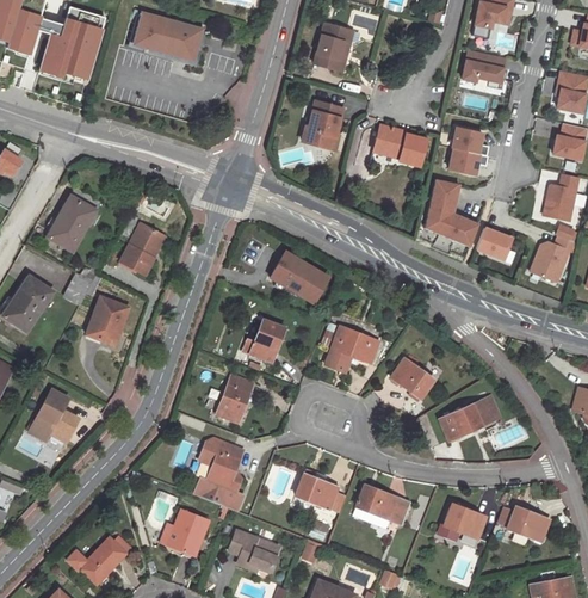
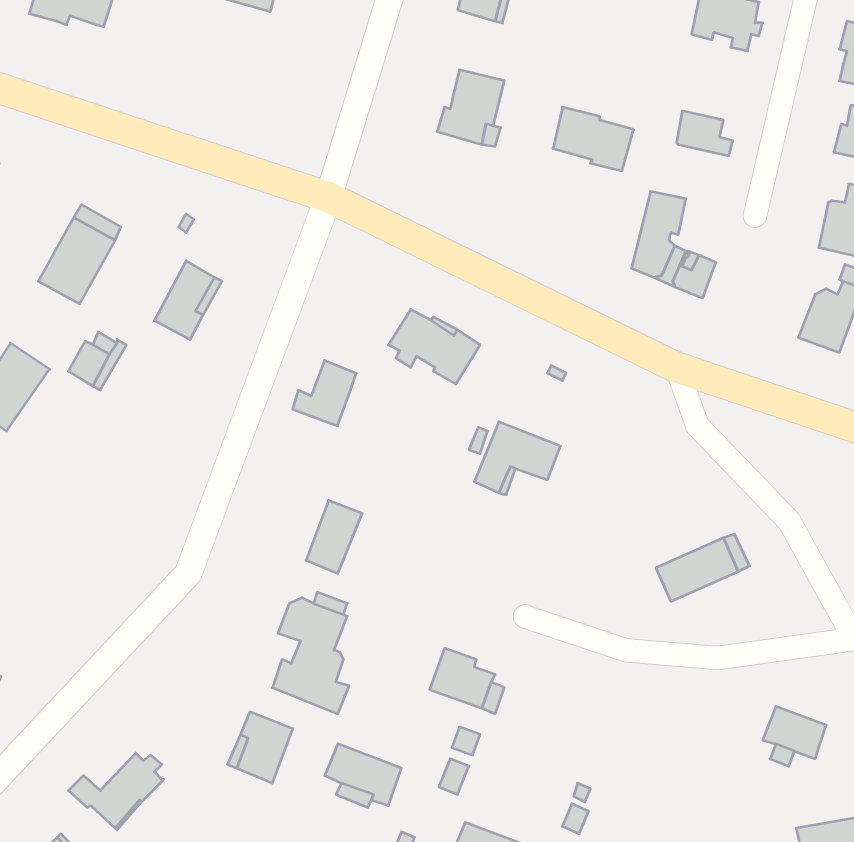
building: [450,149,488,175] -> none
building: [476,228,512,260] -> none
building: [86,298,126,344] -> none
building: [243,320,284,362] -> [293,360,356,426]
building: [391,359,434,399] -> none
building: [27,389,79,443] -> none
building: [357,486,407,524] -> none
building: [444,505,487,538] -> none

